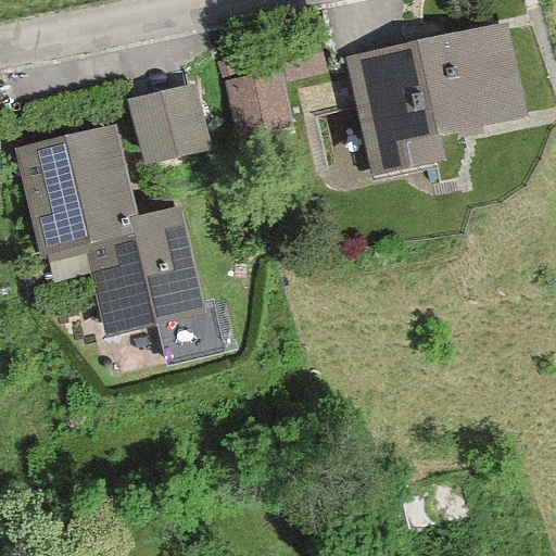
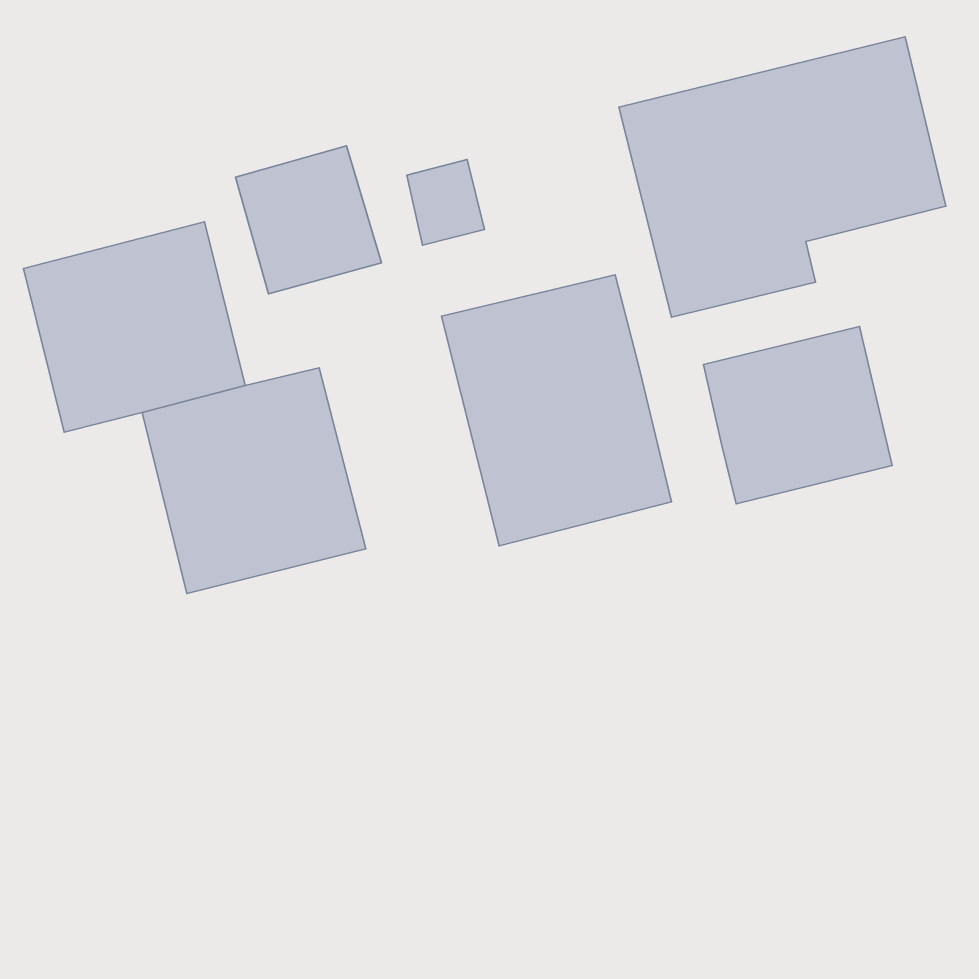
building: none -> [442,275,671,546]
building: none -> [703,326,892,504]

